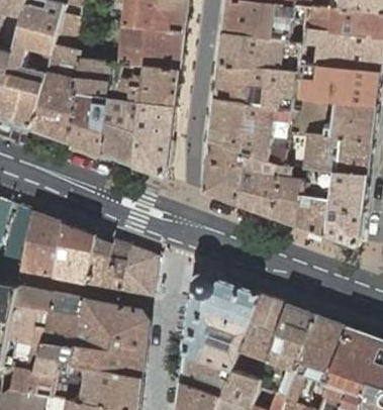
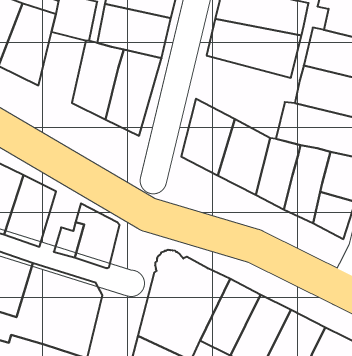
building: [70,94,107,155] -> none
building: [210,99,292,166] -> none
building: [87,234,119,288] -> none

